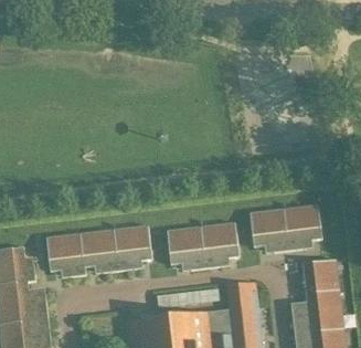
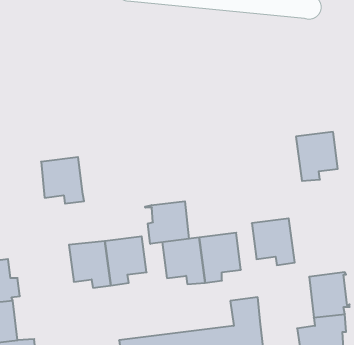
building: none -> [145,201,189,244]
building: [284,204,322,250] -> [296,132,338,181]
building: [46,233,86,276] -> [41,157,84,204]

